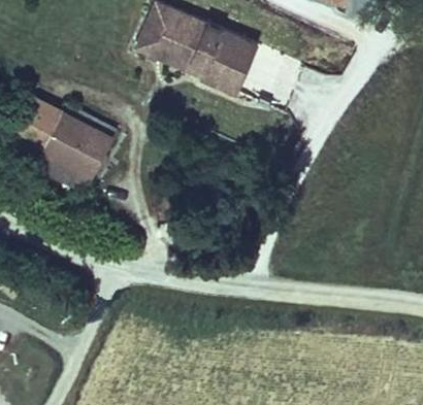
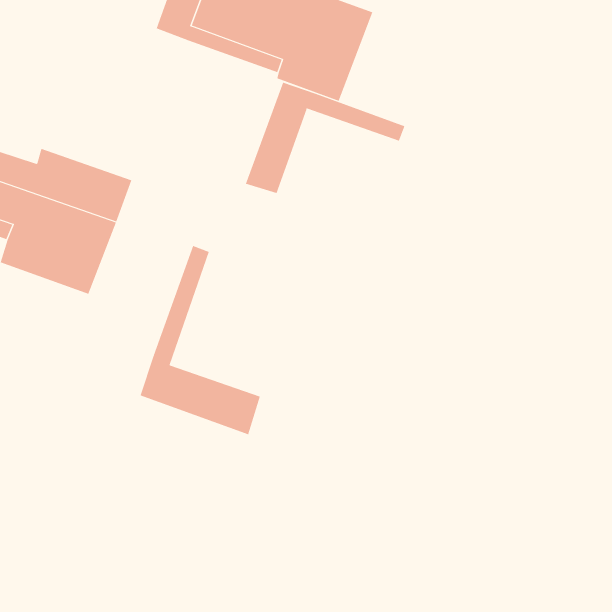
building: none -> [245,82,405,194]
building: none -> [140,245,260,435]

